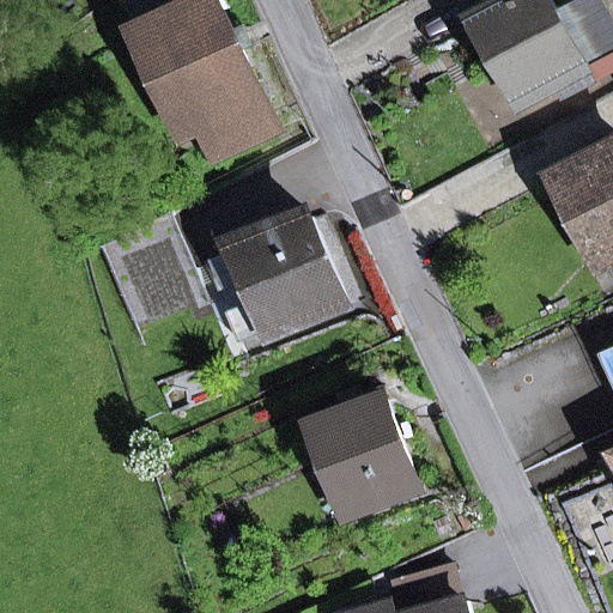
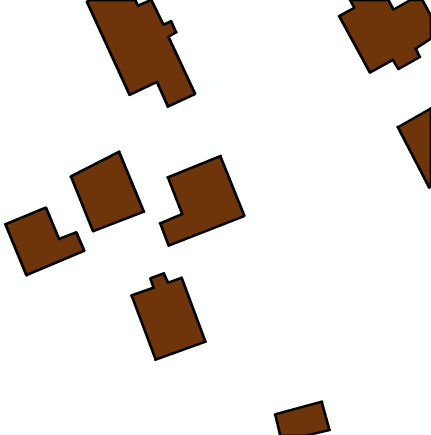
building: none -> [5,208,84,275]
building: [312,395,417,516] -> [131,273,206,360]

